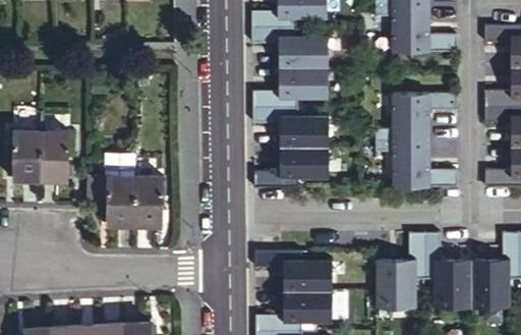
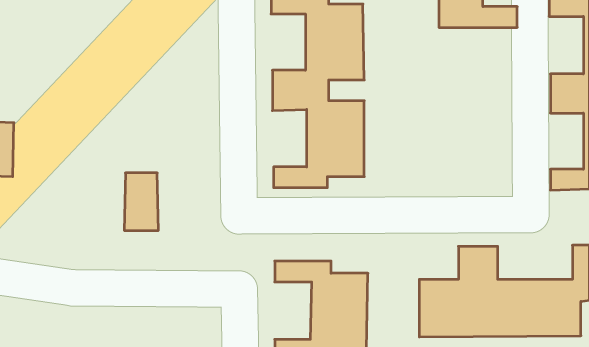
building: [375,96,457,189] -> none
building: [38,133,66,179] -> none
building: [104,175,131,223] -> none

